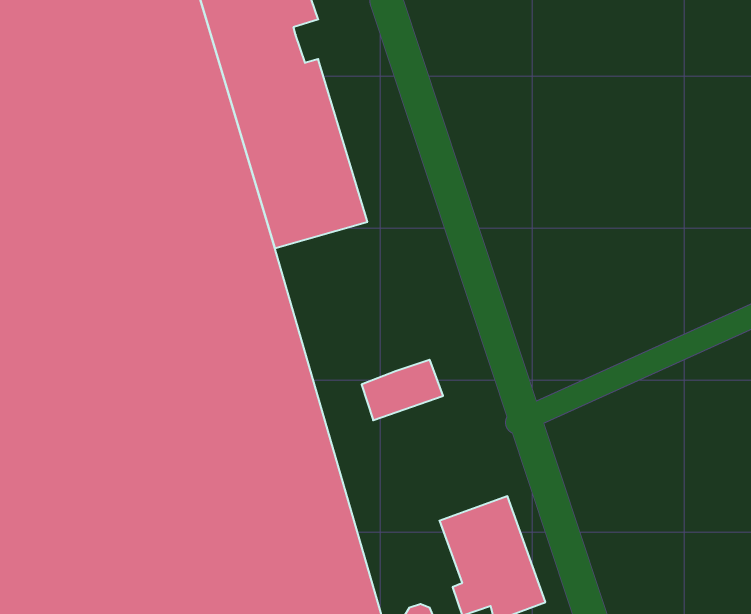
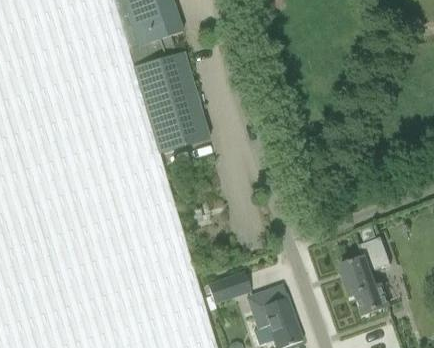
building: [362,360,443,420] -> [207,273,250,305]
building: none -> [339,238,391,316]

